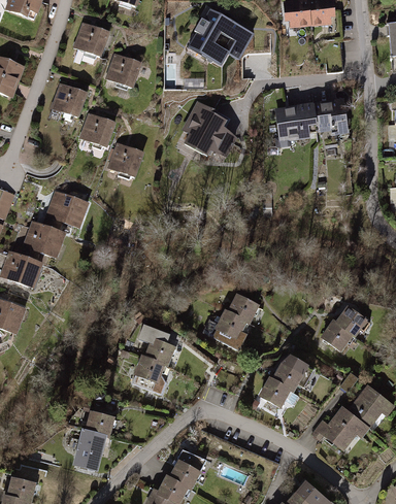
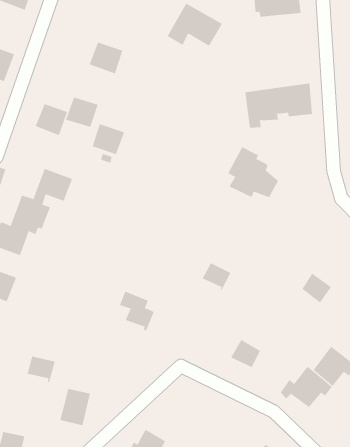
building: [74,22,109,56] -> none
building: [52,82,88,117] -> [35,103,68,136]
building: [183,100,238,156] -> [228,147,279,198]
building: [212,308,249,349] -> none
building: [321,320,354,351] -> none
building: [134,354,165,382] -> none
building: [272,354,310,392] -> none
building: [85,410,116,439] -> [27,356,55,382]
building: [169,449,205,489] -> none

